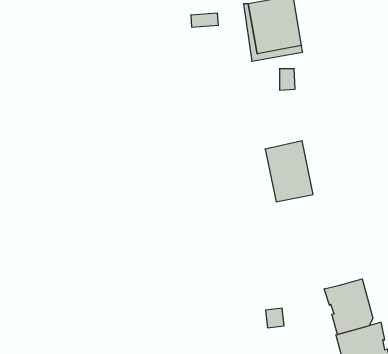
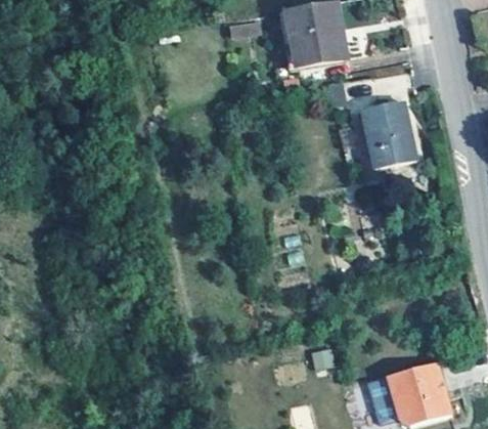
building: [265,141,313,202] -> [364,98,417,166]
building: [324,279,373,335] -> none

